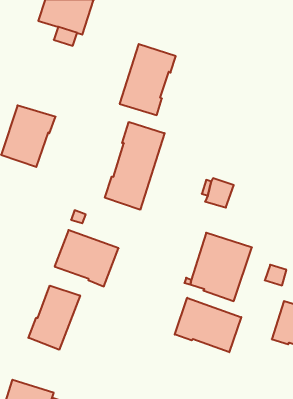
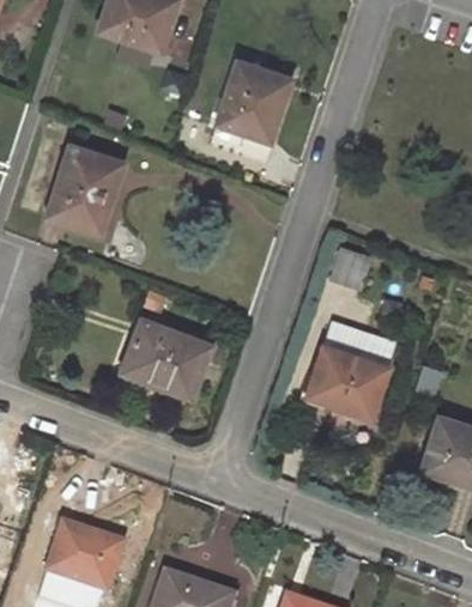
building: [105,122,165,210] -> none
building: [28,286,80,350] -> none
building: [175,298,241,352] -> none

